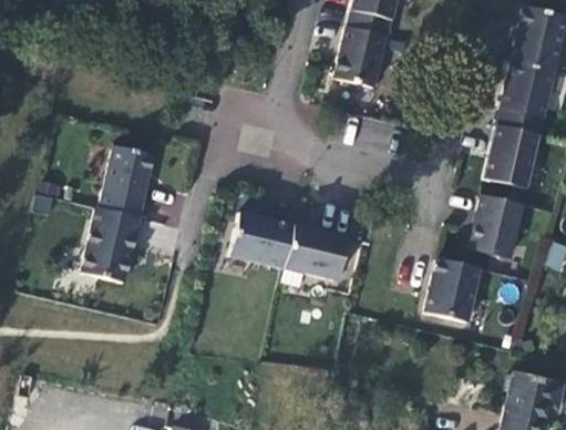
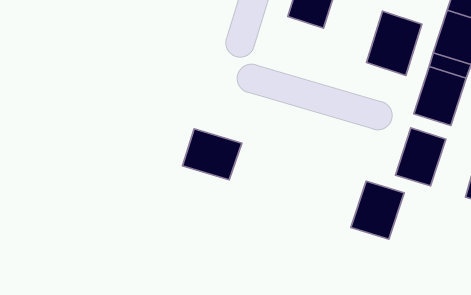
building: none -> [367,11,422,75]
building: [103,144,154,199] -> none
building: [81,206,140,280] -> none
building: [282,223,347,277] -> none

